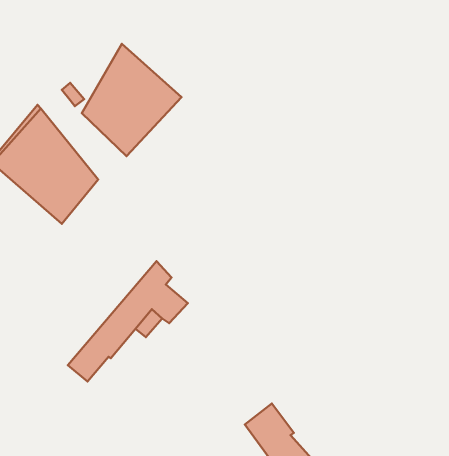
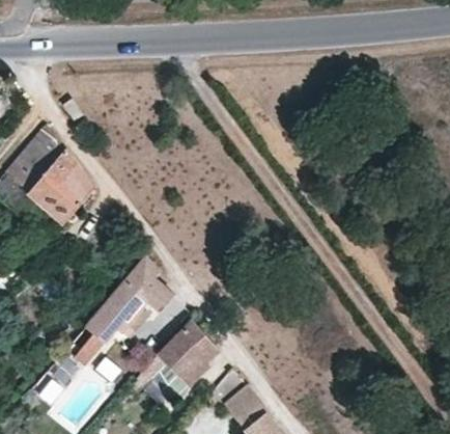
building: [82,44,182,156] -> none
building: none -> [122,322,217,402]

